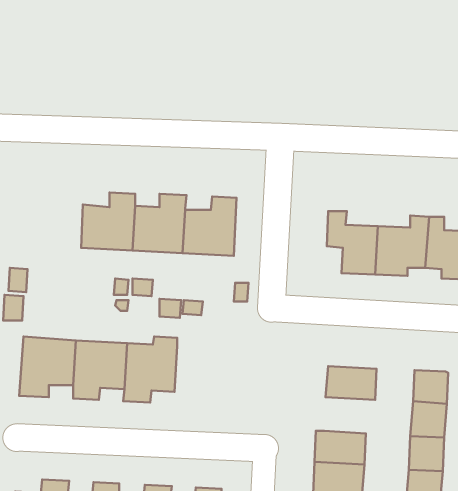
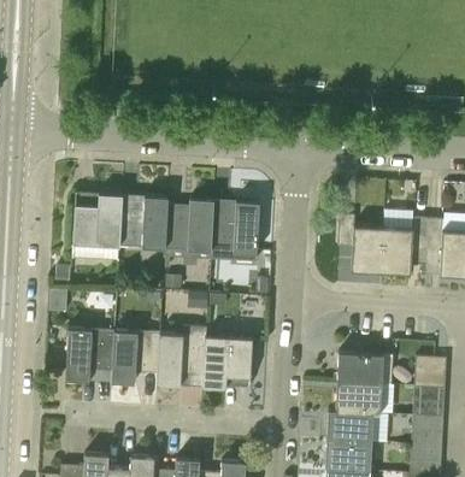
building: none -> [72,194,122,247]
building: none -> [202,335,252,389]
building: none -> [336,381,382,413]

